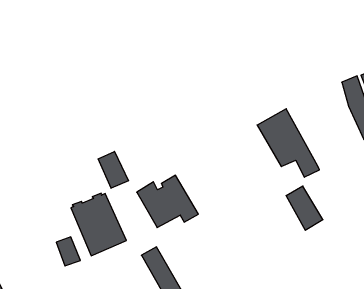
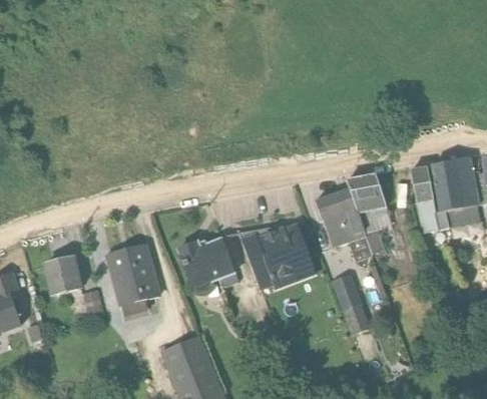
building: none -> [347,174,387,253]
building: [98,151,128,188] -> none
building: none -> [239,225,318,291]
building: none -> [43,258,81,297]

